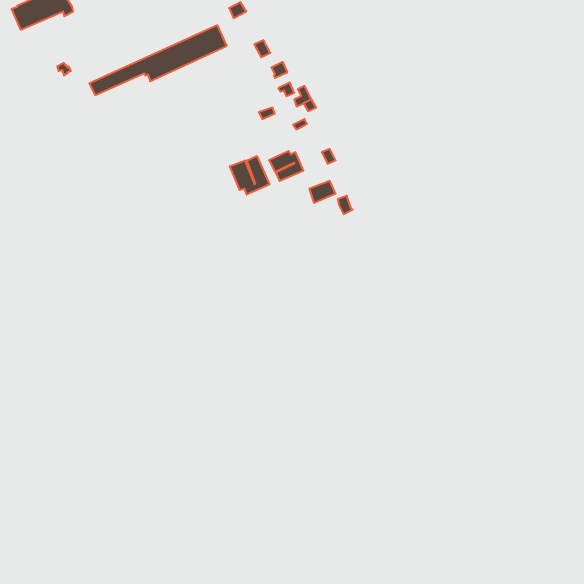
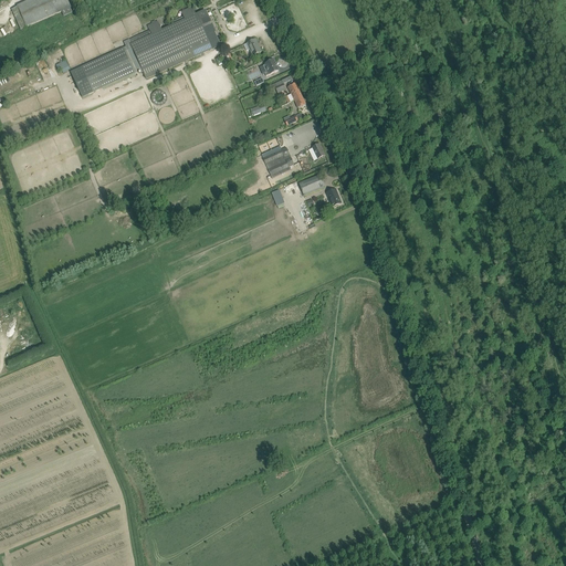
building: none -> [81,7,212,81]
building: [230,156,269,195] -> none

